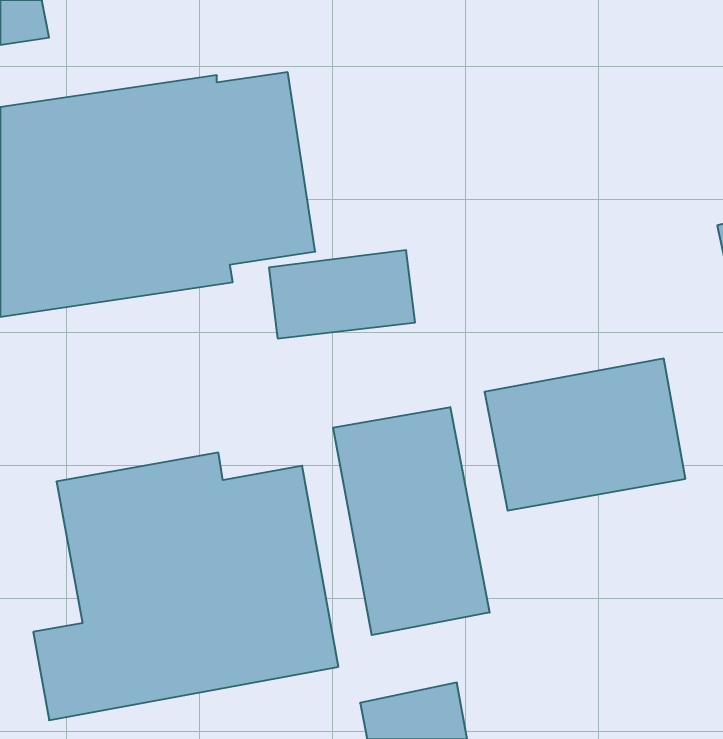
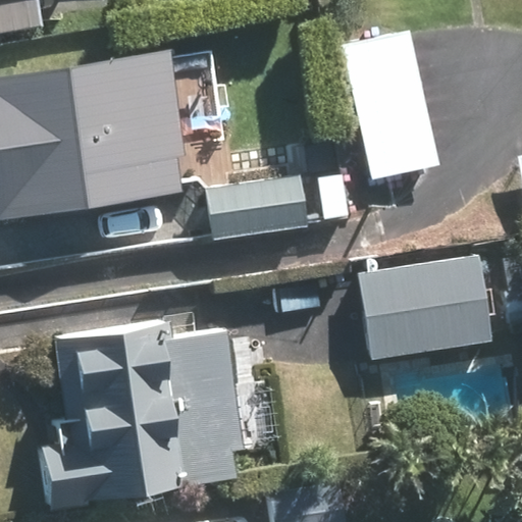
building: none -> [341,30,436,178]
building: [333,407,490,635] -> none

